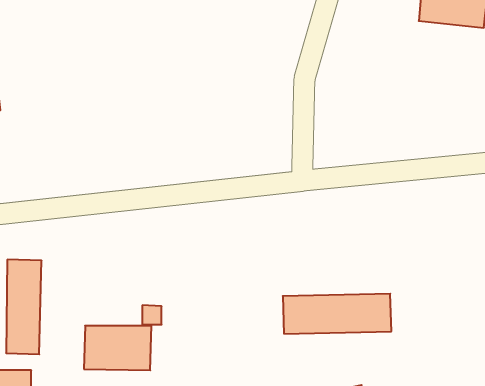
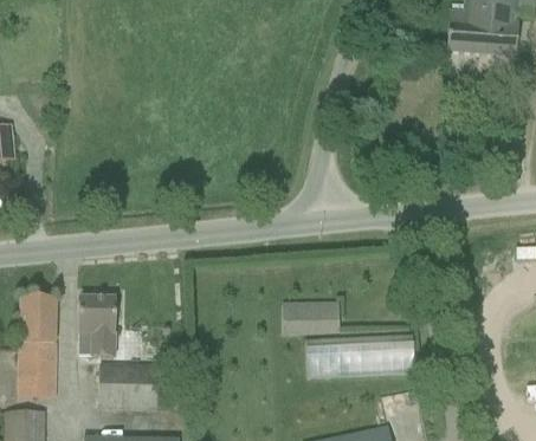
building: none -> [78,297,115,355]
building: none -> [283,301,340,330]

